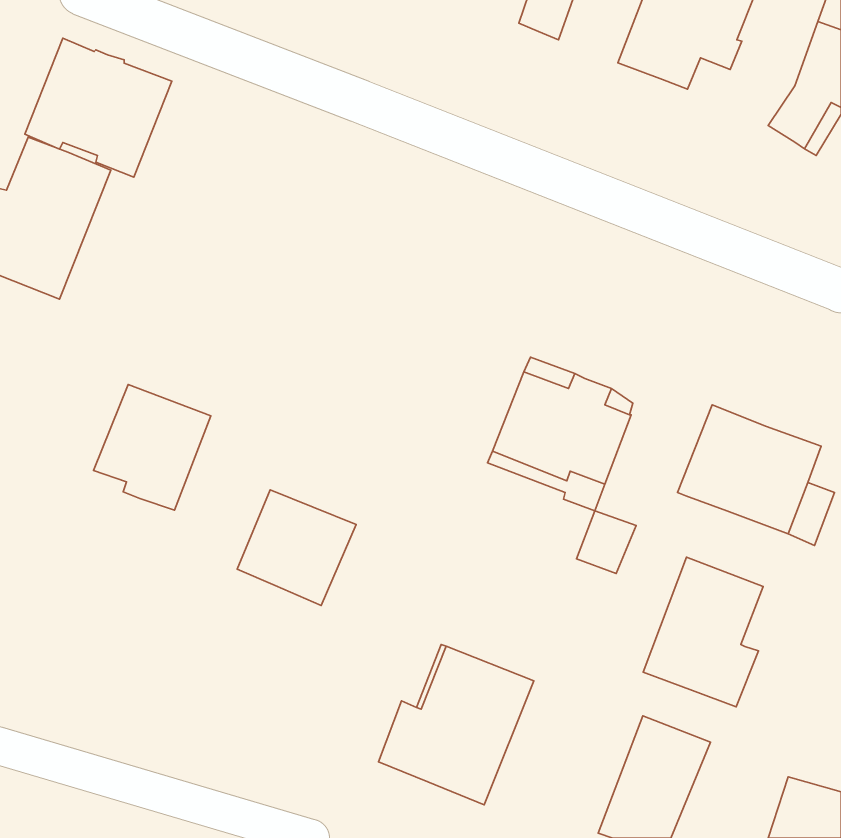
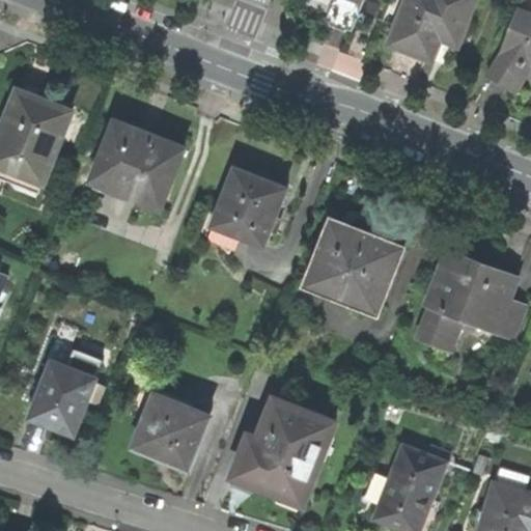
building: [25,38,172,177] -> [90,116,183,203]
building: none -> [200,165,286,245]
building: [93,384,211,510] -> [30,358,104,437]
building: [237,490,356,605] -> [134,391,208,464]
building: [577,511,636,574] -> [419,311,456,351]
building: [643,557,763,707] -> none

